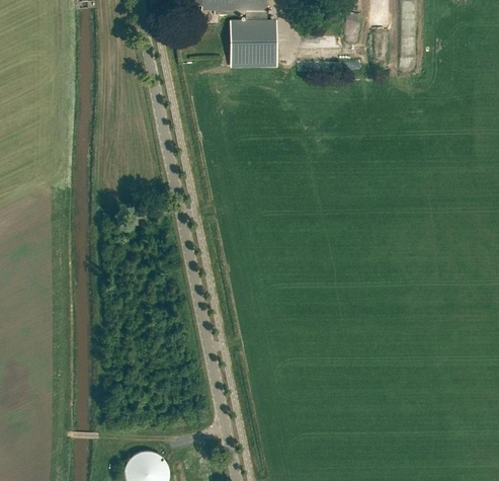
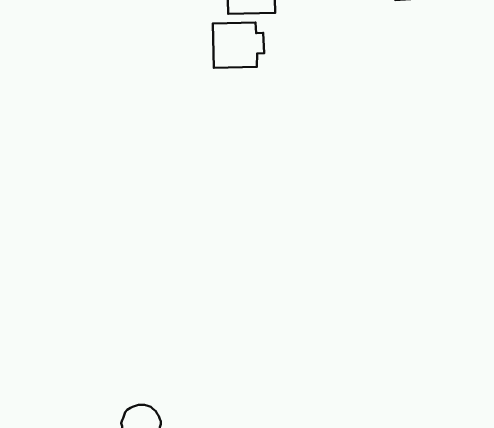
building: none -> [213,22,264,68]

